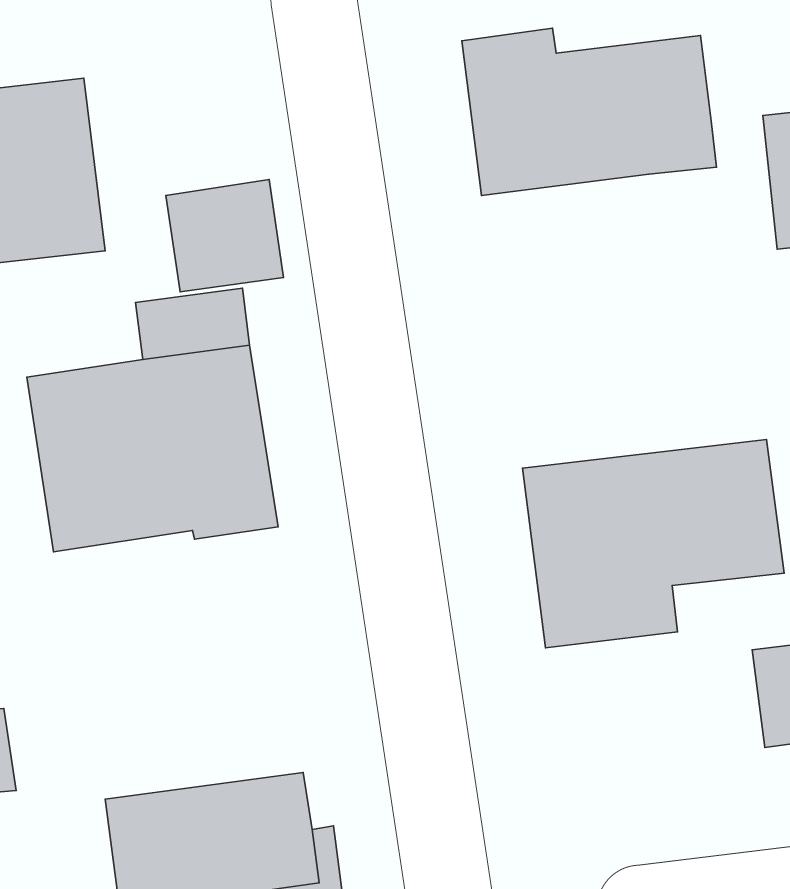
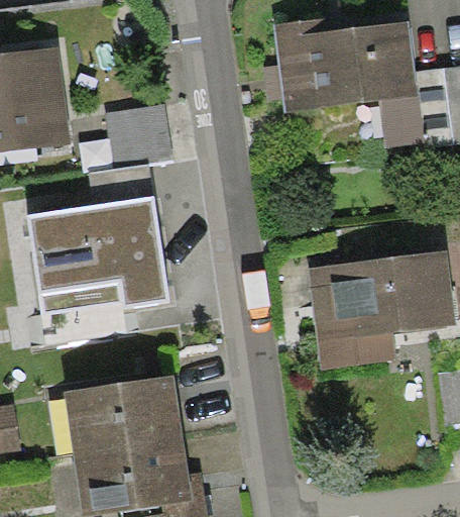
building: none -> [379,68,452,150]
building: none -> [64,376,184,455]

